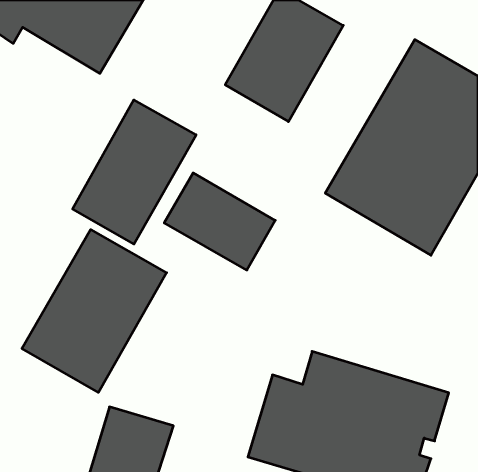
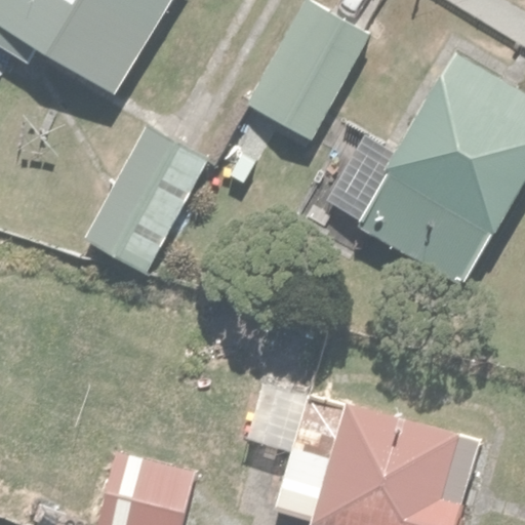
building: [164,173,275,270] -> none
building: [22,230,167,392] -> none

